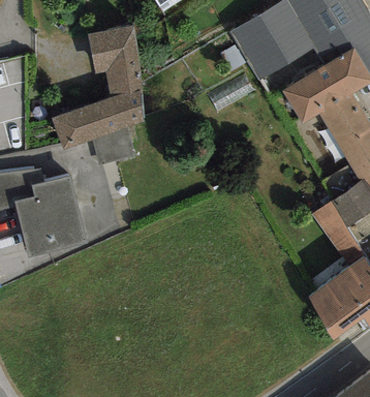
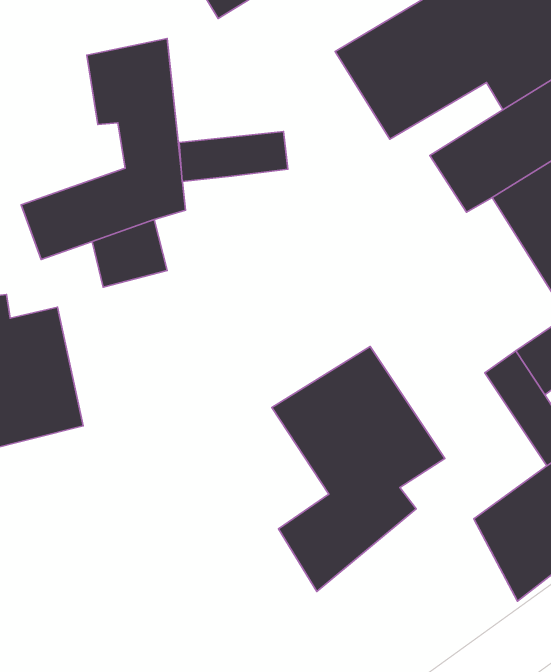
building: none -> [179,131,288,181]
building: none -> [272,347,445,591]

